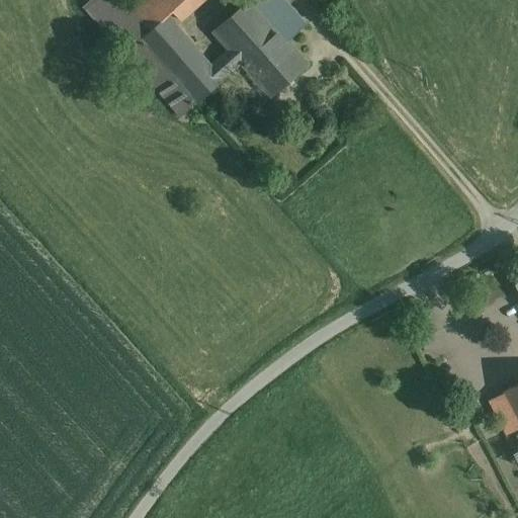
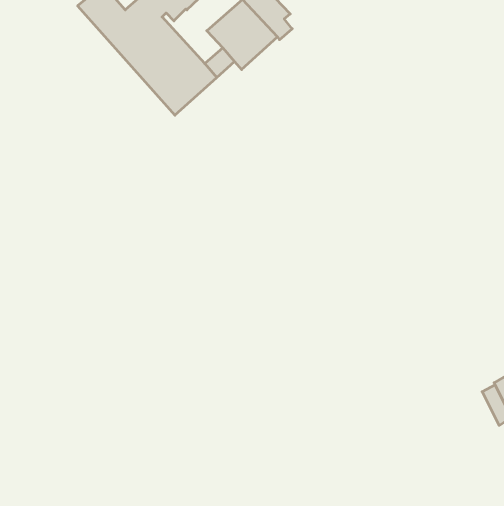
building: [250,37,309,96] -> none

